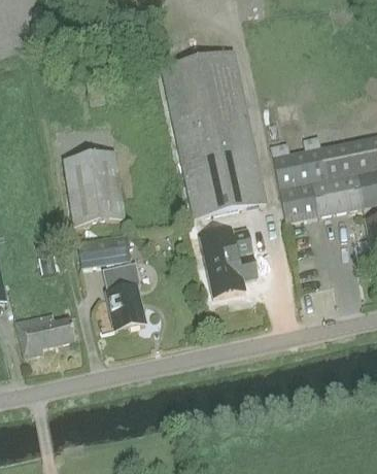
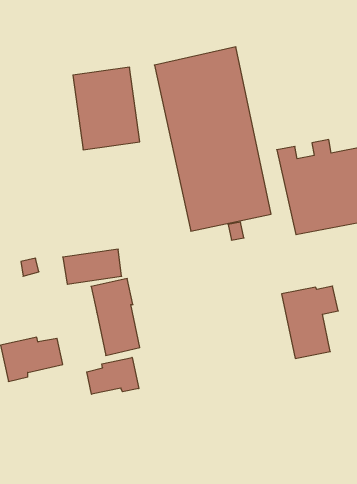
building: [64,150,125,226] -> [73,67,140,150]
building: [202,230,253,296] -> [282,286,338,358]
building: none -> [87,357,139,394]

